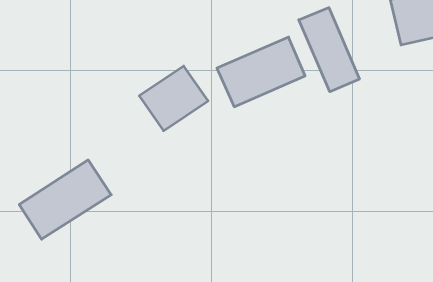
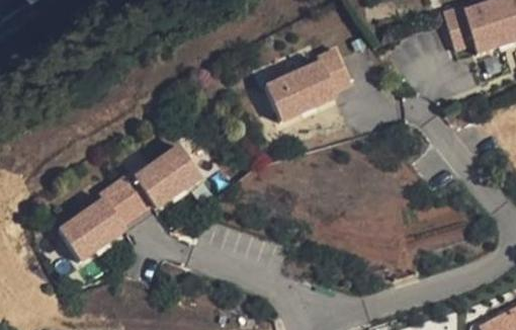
building: [299,8,359,92] -> none
building: [139,66,208,131] -> [133,141,204,209]

